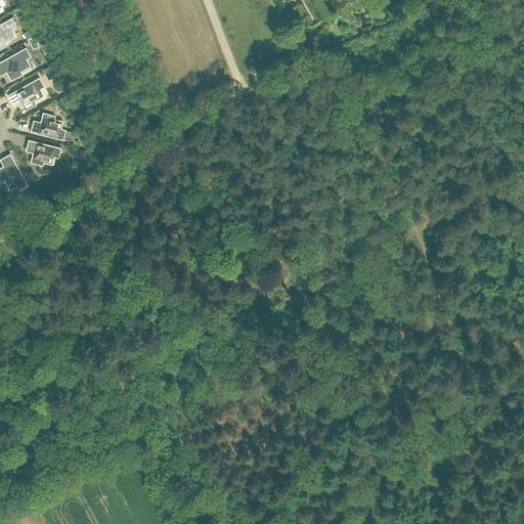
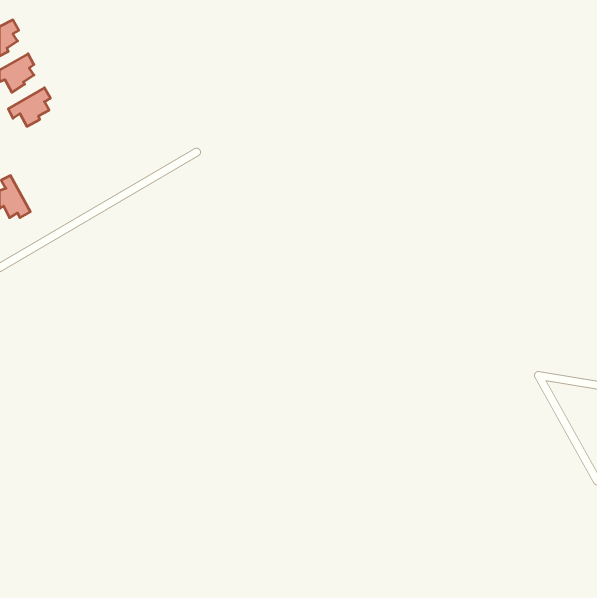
building: [30,113,64,140] -> none
building: [26,139,60,166] -> none

